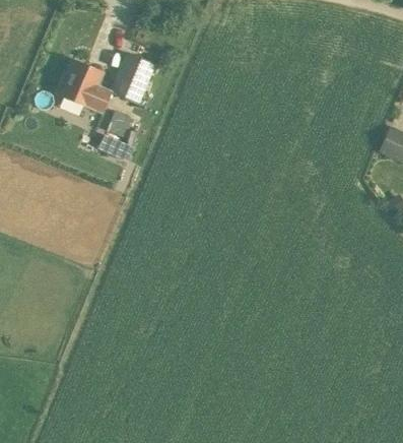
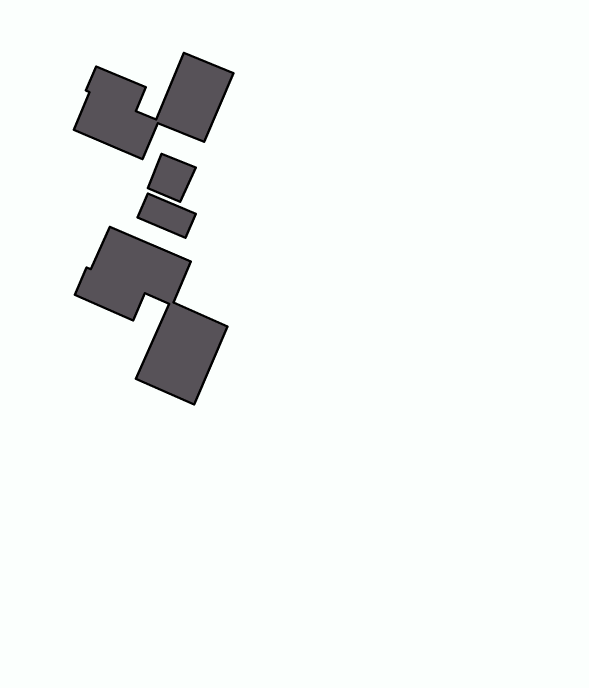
building: none -> [75,227,227,404]

